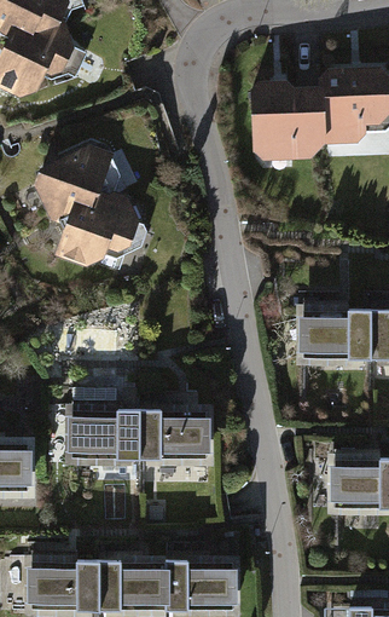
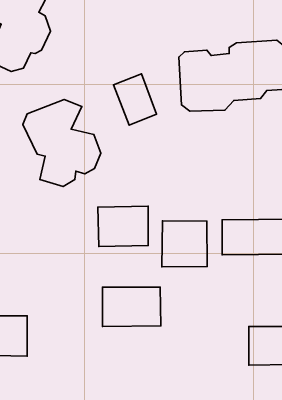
building: none -> [113,74,157,125]
building: none -> [162,221,207,267]
building: [75,402,143,456] -> [98,206,148,247]

